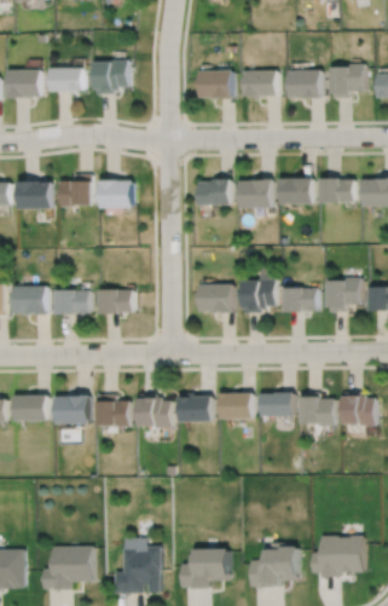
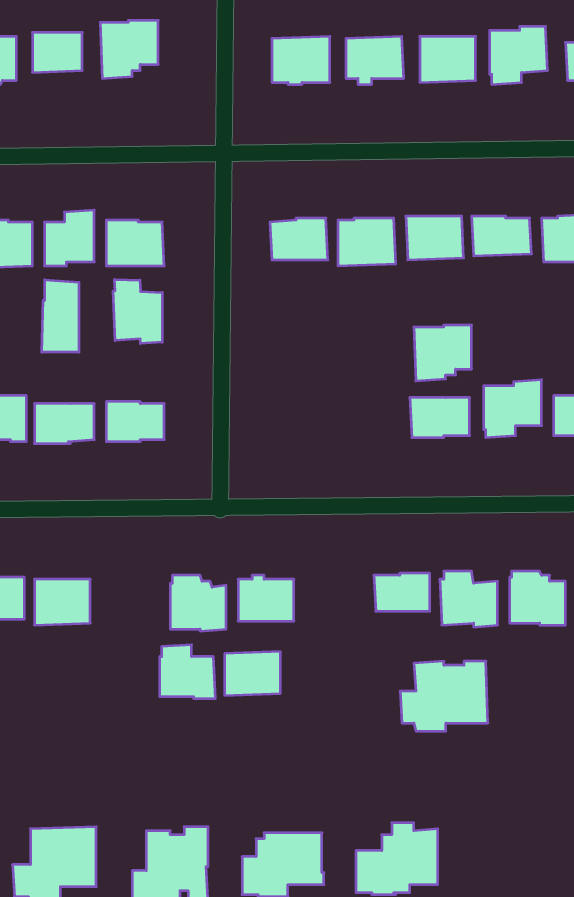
building: none -> [113,279,162,344]
building: none -> [42,280,79,352]
building: [239,279,274,313] -> [414,325,472,381]
building: [197,284,232,314] -> none
building: [218,394,251,421] -> [225,652,280,695]
building: [94,396,128,428] -> [160,645,215,699]
building: [311,537,364,579] -> [400,661,488,731]

